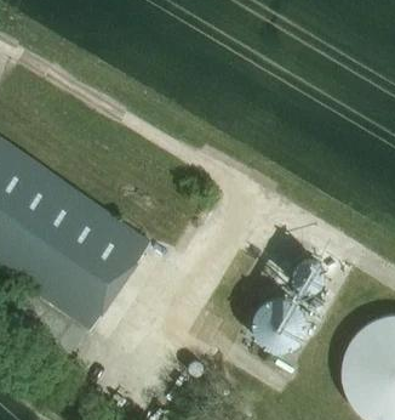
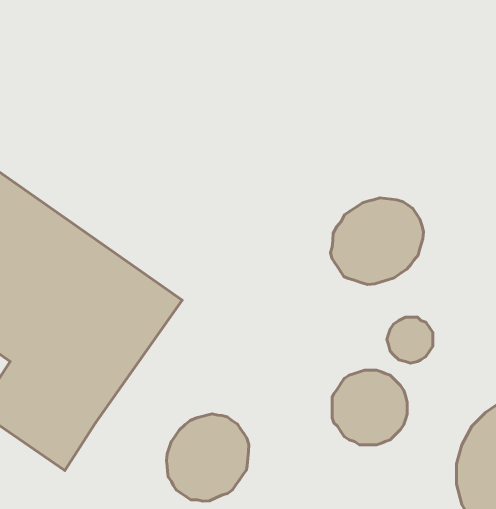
building: none -> [331,198,423,285]
building: none -> [166,414,249,501]

